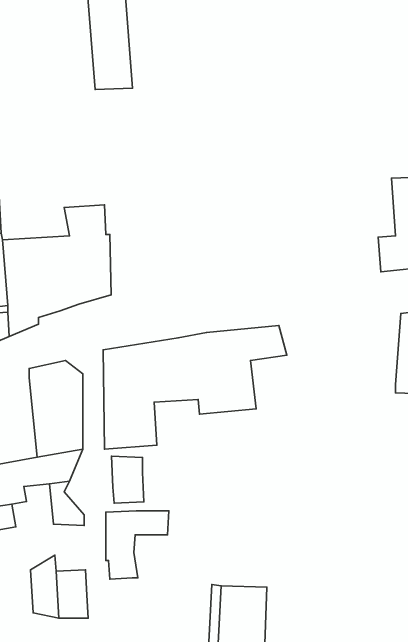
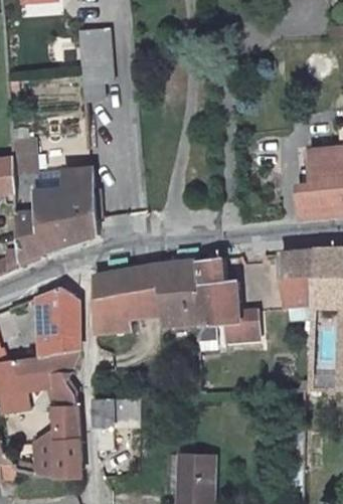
building: none -> [279,249,315,305]
building: none -> [199,280,260,345]
building: [112,456,144,503] -> [54,407,78,443]

